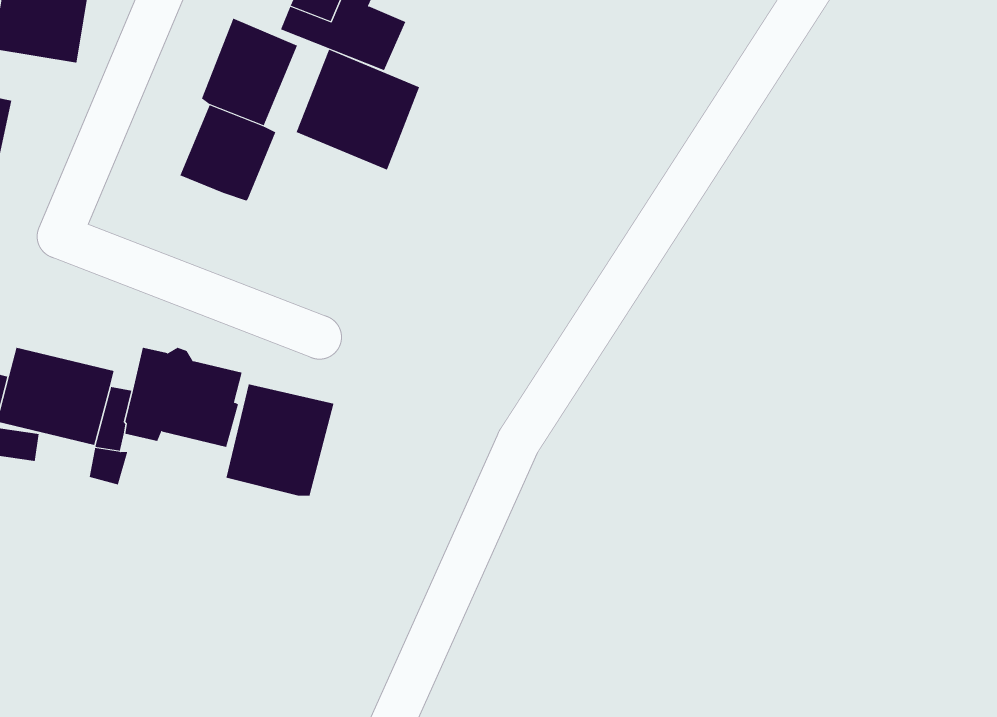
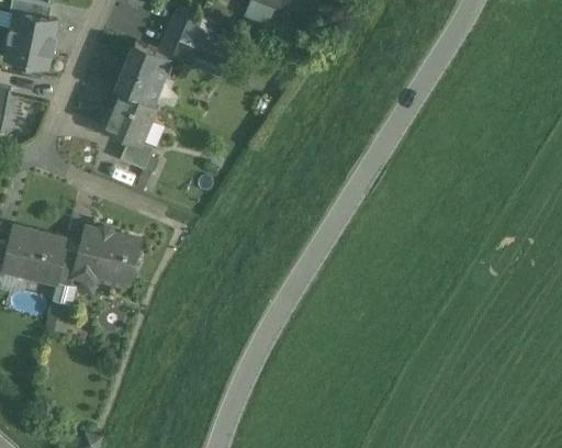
building: [296,49,420,170] -> none
building: none -> [122,141,155,170]
building: [226,383,334,496] -> none

